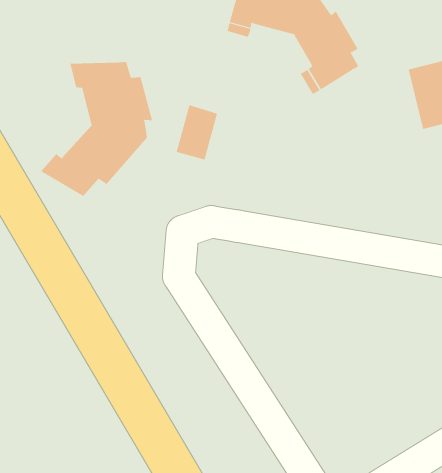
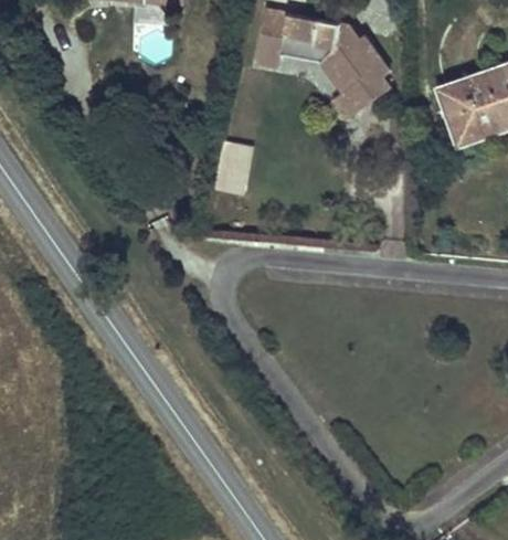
building: [40,61,153,197] -> none

